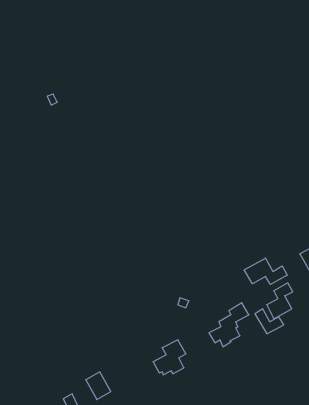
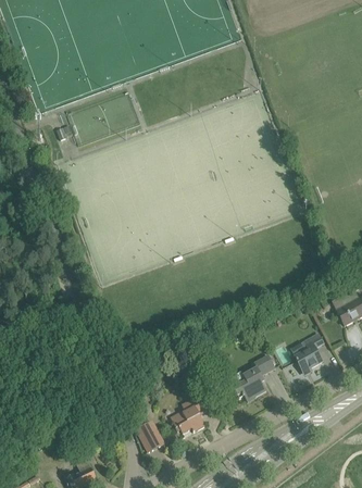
building: [244,258,287,284] -> none
building: [86,372,111,400] -> [137,420,164,450]

